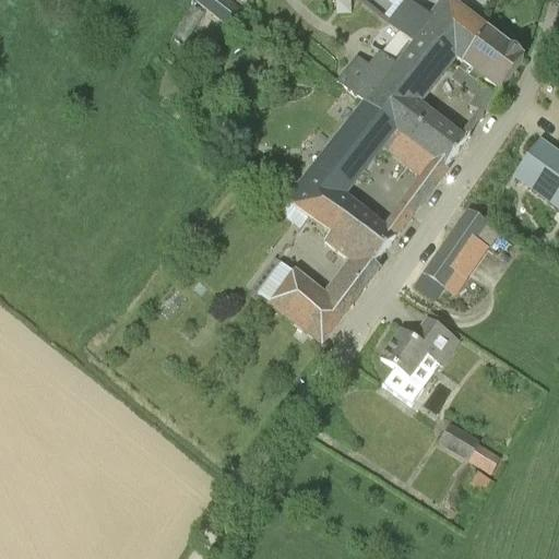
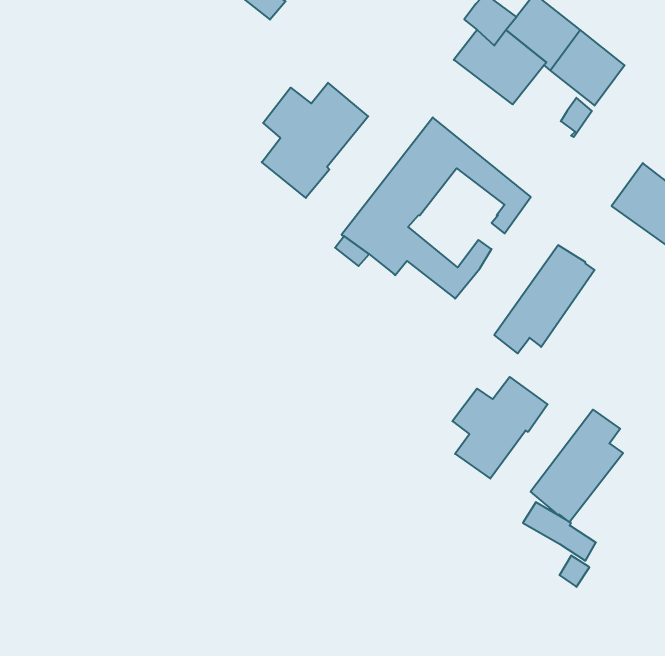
building: [342,50,467,165] -> none
building: none -> [262,83,368,198]
building: [253,218,382,341] -> none
building: none -> [531,410,623,522]

